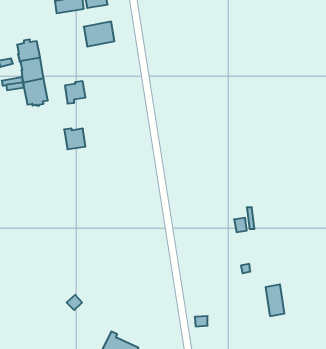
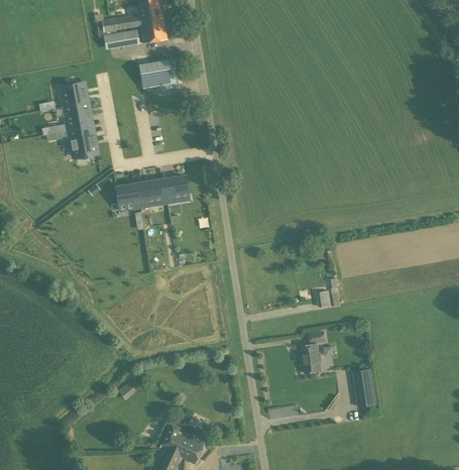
building: [65,81,85,104] -> [138,180,162,206]
building: none -> [164,174,189,202]
building: none -> [302,330,327,372]

